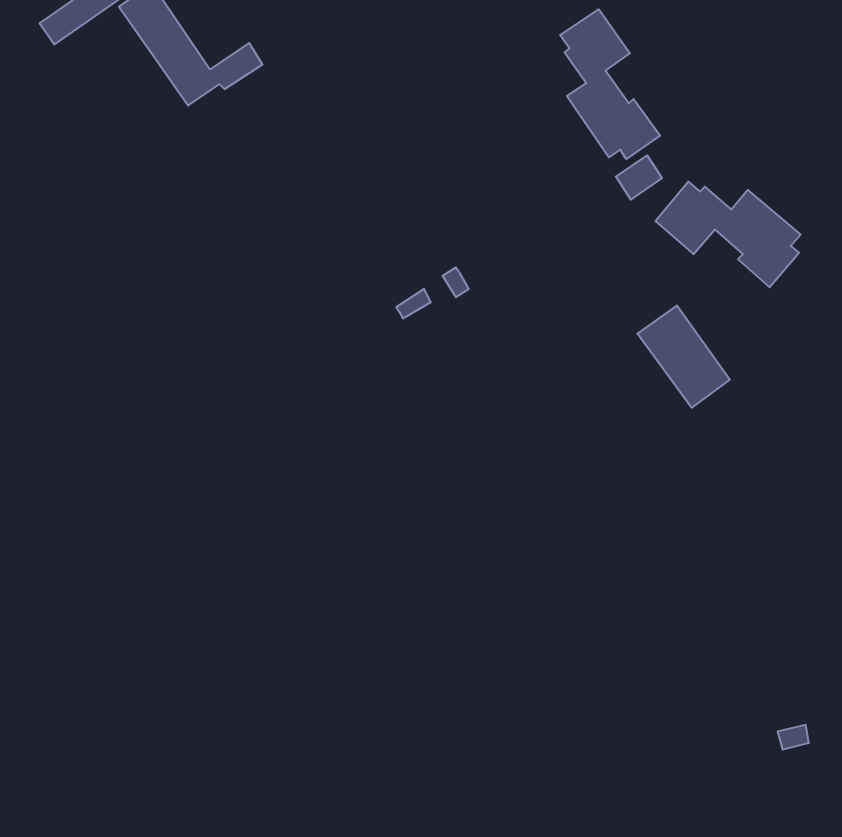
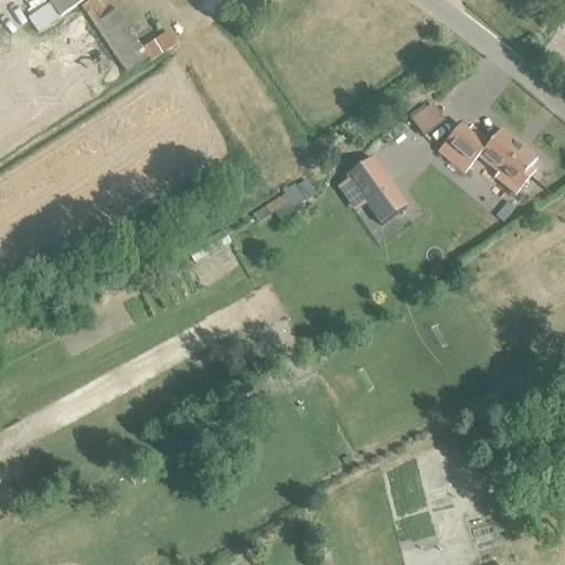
building: [560,9,660,159] -> none
building: [637,305,730,408] -> [345,154,407,223]

